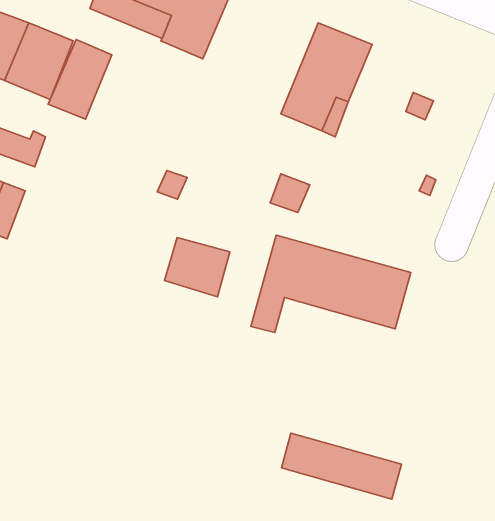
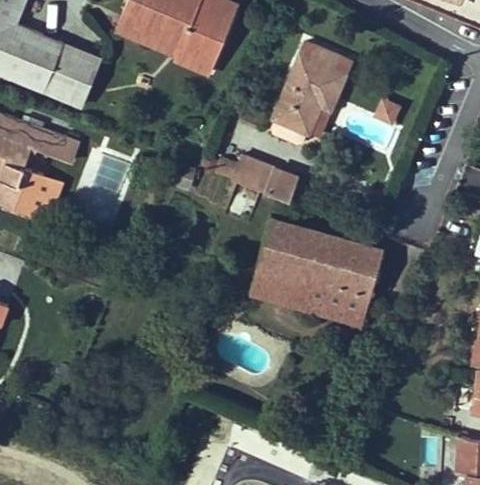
building: [48,40,112,119] -> none
building: none -> [233,157,275,193]
building: [165,237,230,297] -> none
building: [281,433,401,499] -> [270,272,370,327]

